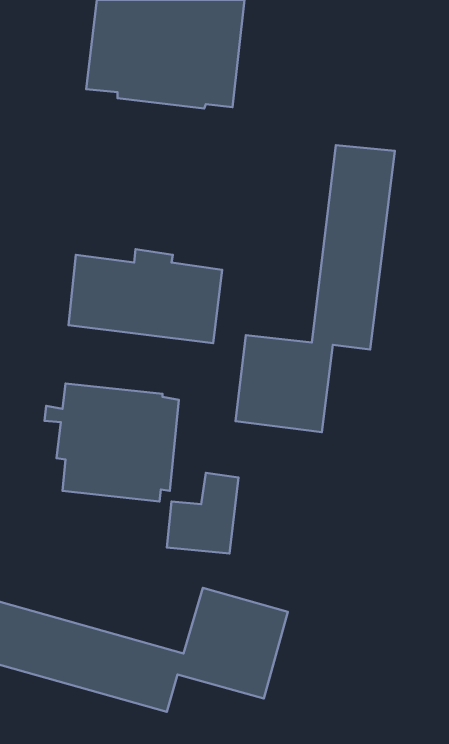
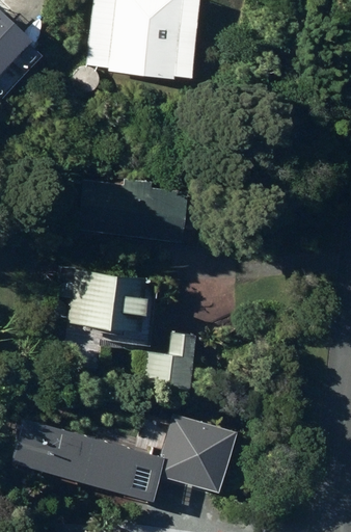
building: [235,145,395,432] -> none

